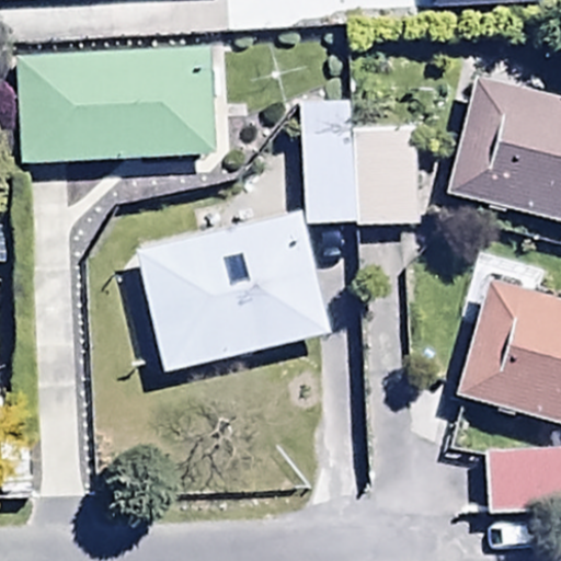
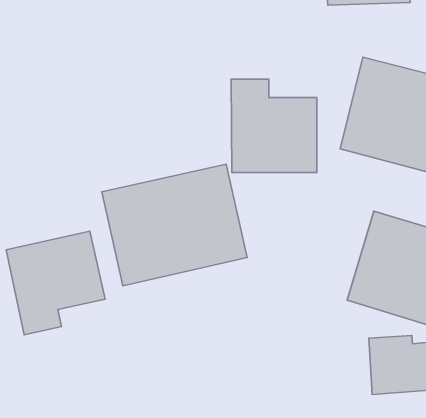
building: [18,45,217,161] -> none
building: none -> [6,231,105,335]

